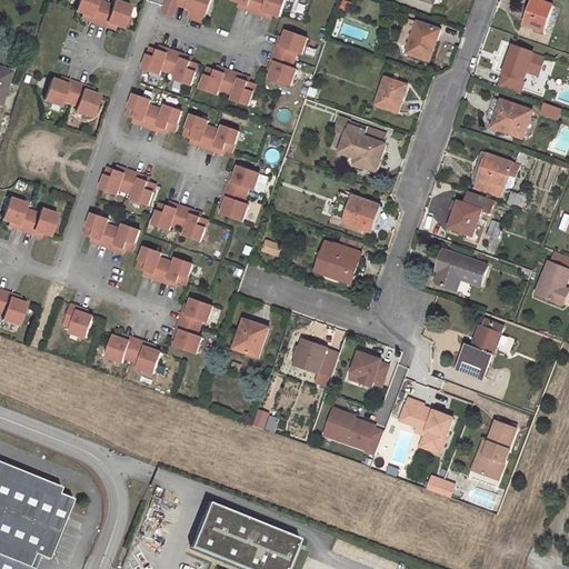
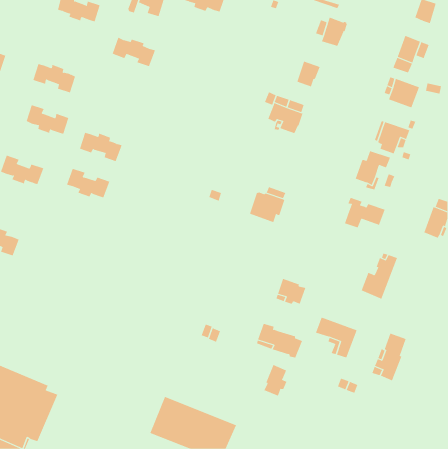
building: [268,30,306,84] -> none
building: [199,67,254,104] -> none
building: [126,93,180,131] -> [26,104,69,134]
building: [182,113,238,151] -> none
building: [220,166,258,220] -> none
building: [329,191,377,230] -> none
building: [151,202,207,240] -> none
building: [137,246,191,284] -> none
building: [173,298,212,352] -> none
building: [63,303,92,337] -> none
building: [232,322,267,356] -> none
building: [106,335,160,372] -> none
building: [292,339,337,386] -> none
building: none -> [263,364,287,396]

